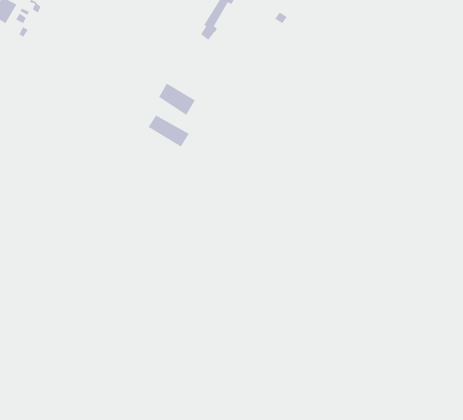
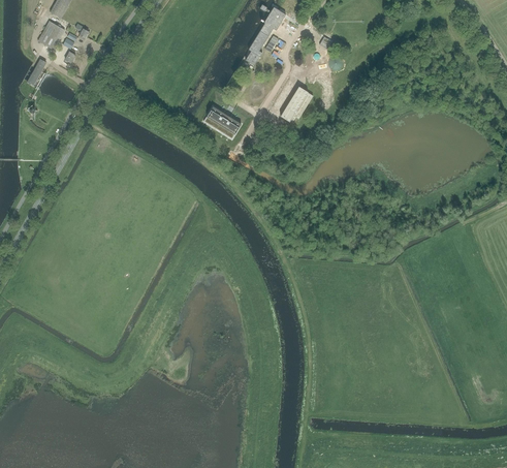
building: none -> [280,86,312,123]
building: [147,114,190,148] -> none

